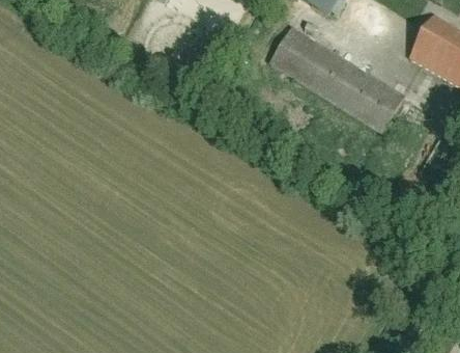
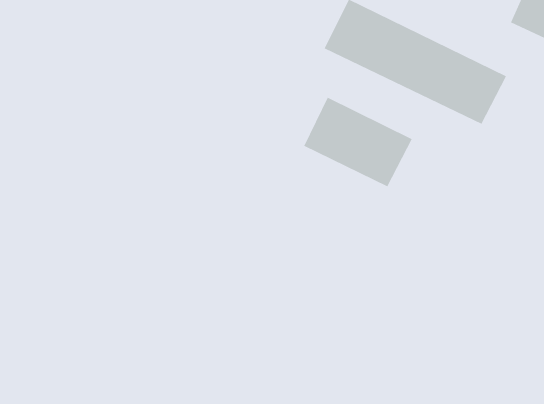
building: none -> [304,97,412,187]

